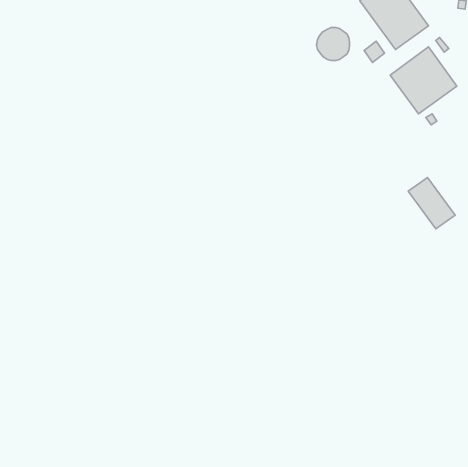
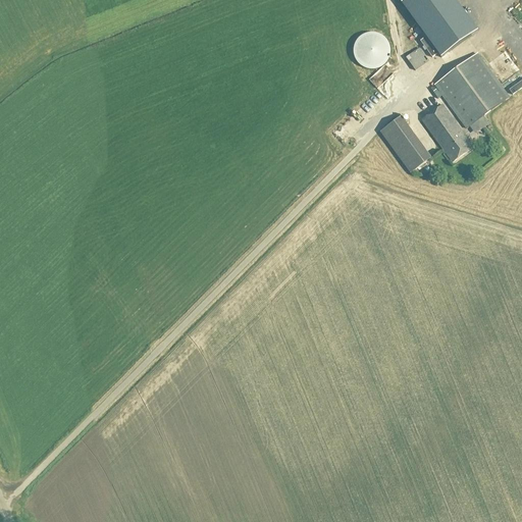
building: none -> [379,115,429,171]
building: [408,178,455,229] -> [420,103,472,160]

